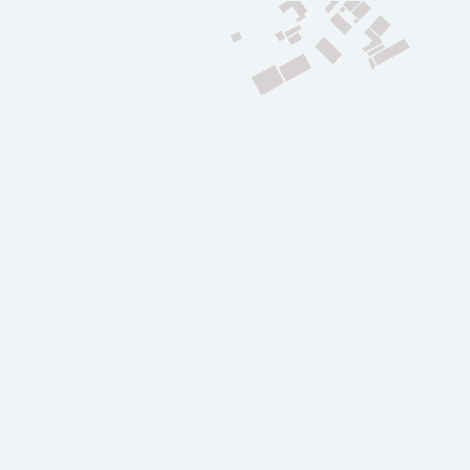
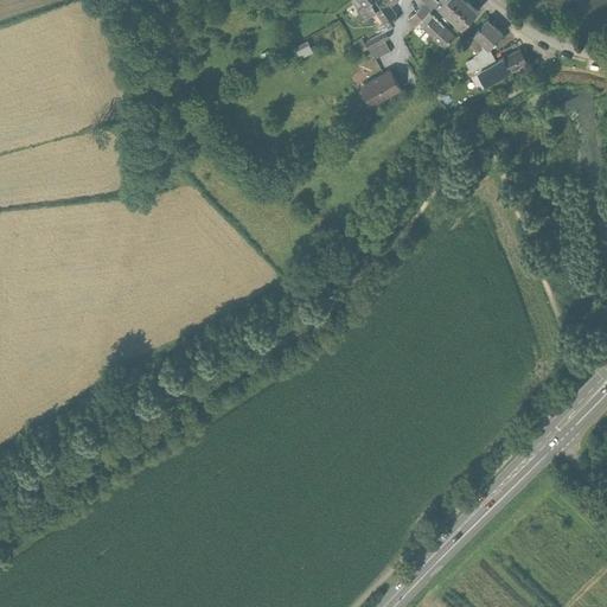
building: [314,36,343,65] -> none
building: [250,64,286,96] -> none

